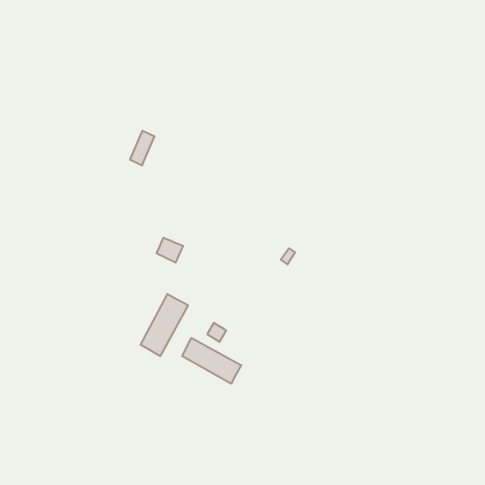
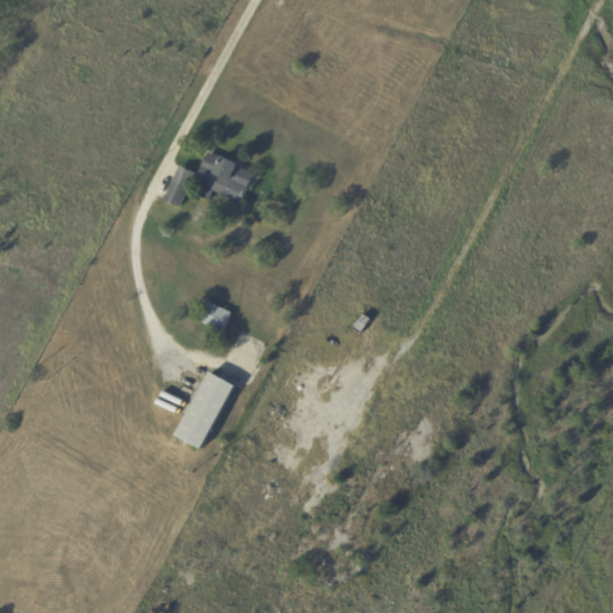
building: none -> [194,151,250,202]
building: [182,338,241,384] -> none

